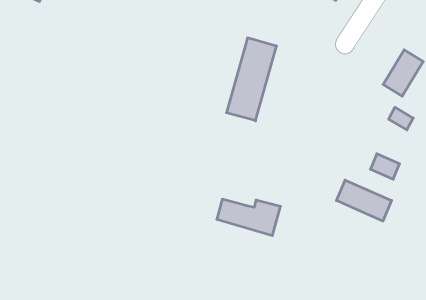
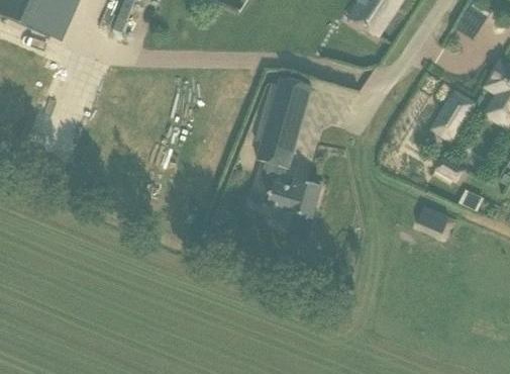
building: [336,180,392,221] -> none
building: [217,199,281,236] -> [251,178,322,218]

